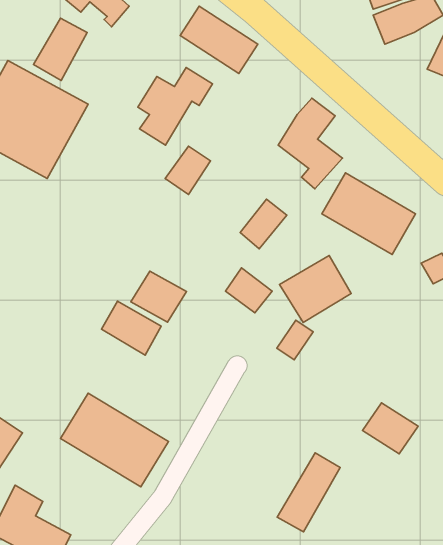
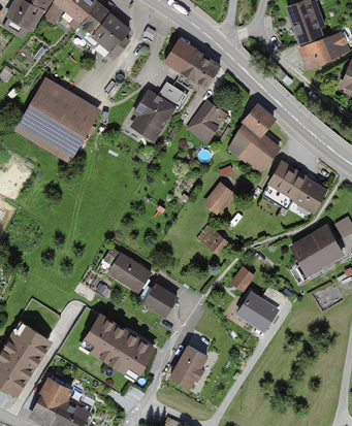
building: [34,18,87,80] -> none
building: [165,146,211,195] -> [193,102,225,136]
building: [280,255,351,323] -> [291,226,342,273]
building: [131,271,186,322] -> [138,284,178,320]
building: [363,403,418,454] -> [237,293,277,329]
building: [277,453,340,532] -> [170,332,215,388]

